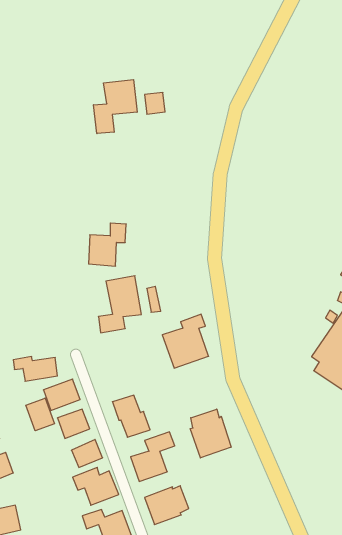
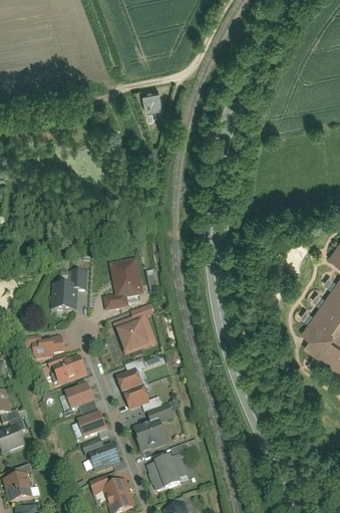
building: [94,80,137,134] -> none
building: [89,223,126,266] -> [51,272,86,312]
building: [162,314,209,368] -> [114,306,157,356]
building: [26,398,55,431] -> none
building: [190,409,231,458] -> none

